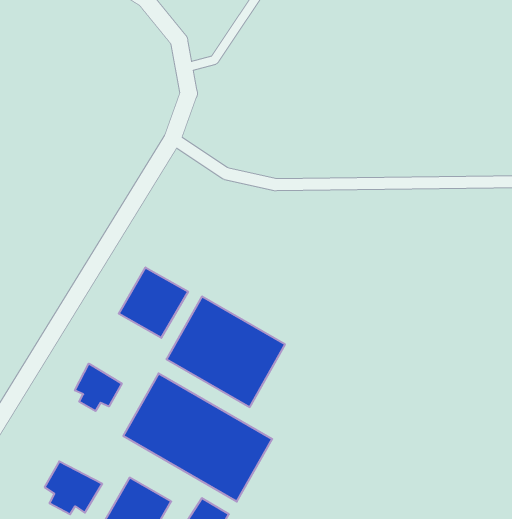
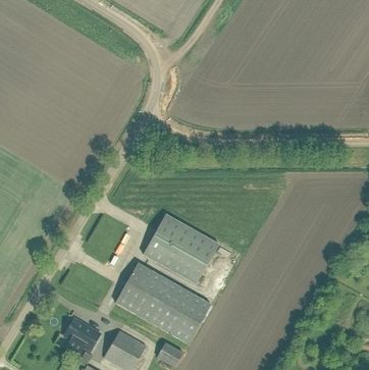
building: [119,267,188,338] -> none
building: [75,364,122,411] -> none

